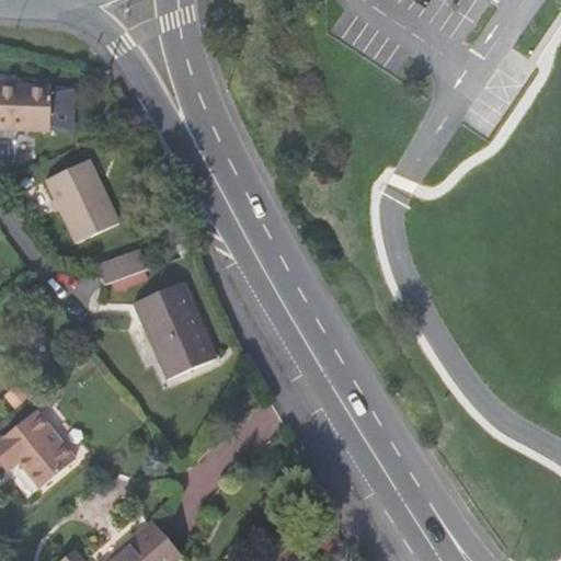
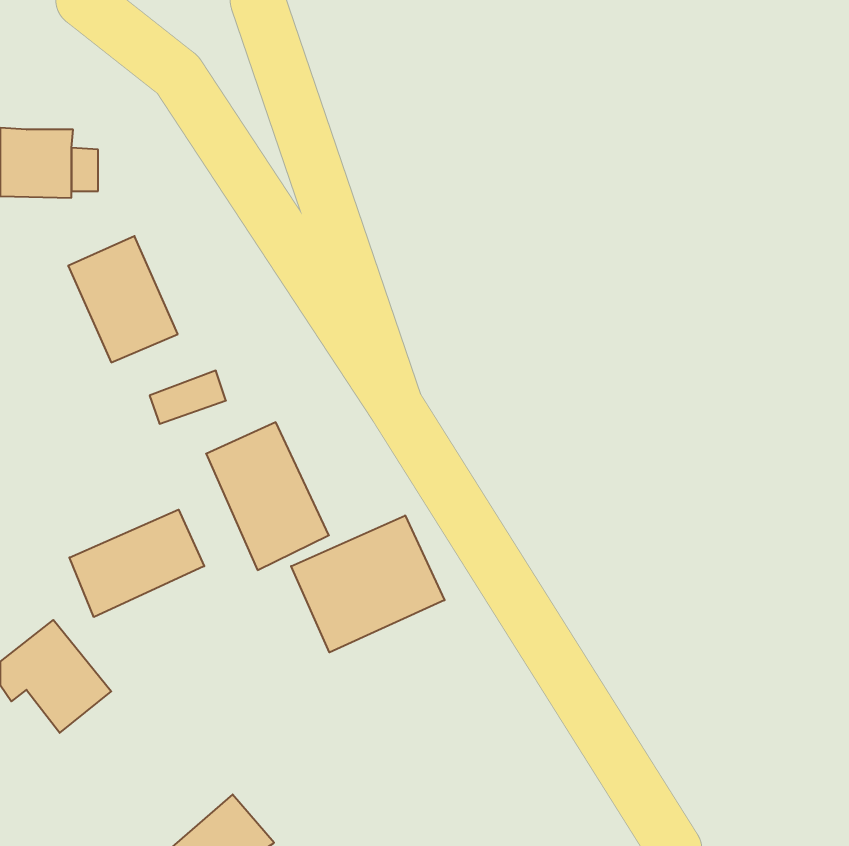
building: none -> [69,510,204,617]
building: none -> [291,515,445,652]

